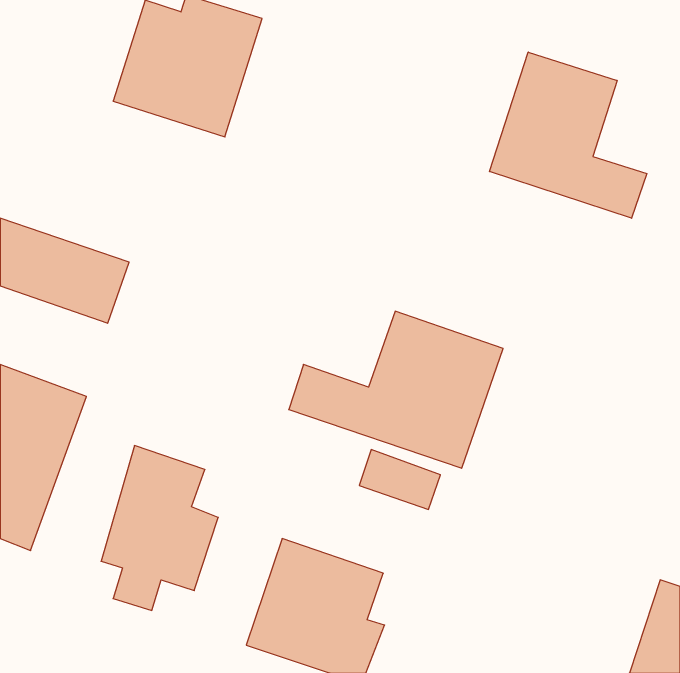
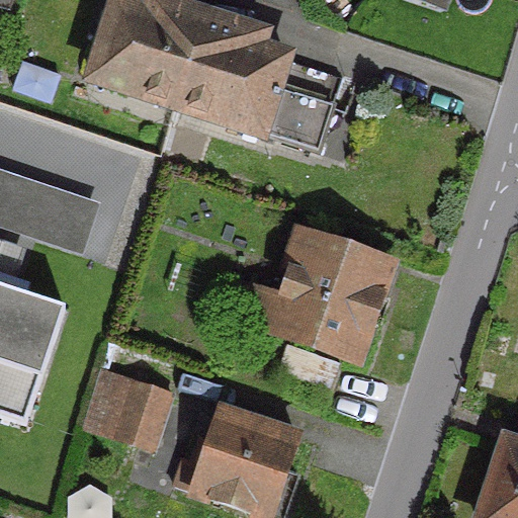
building: none -> [171,14,337,151]
building: [490,52,647,218] -> none

